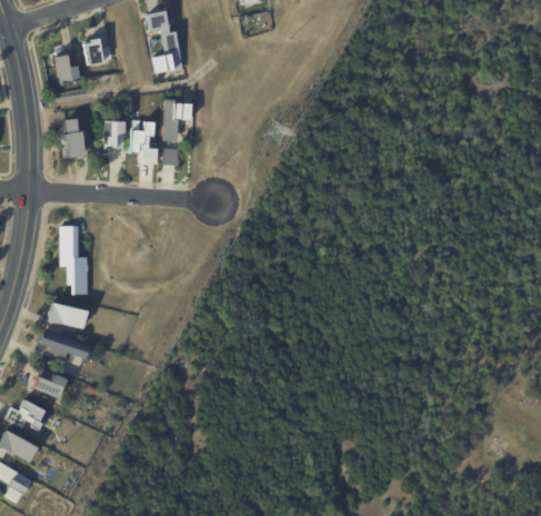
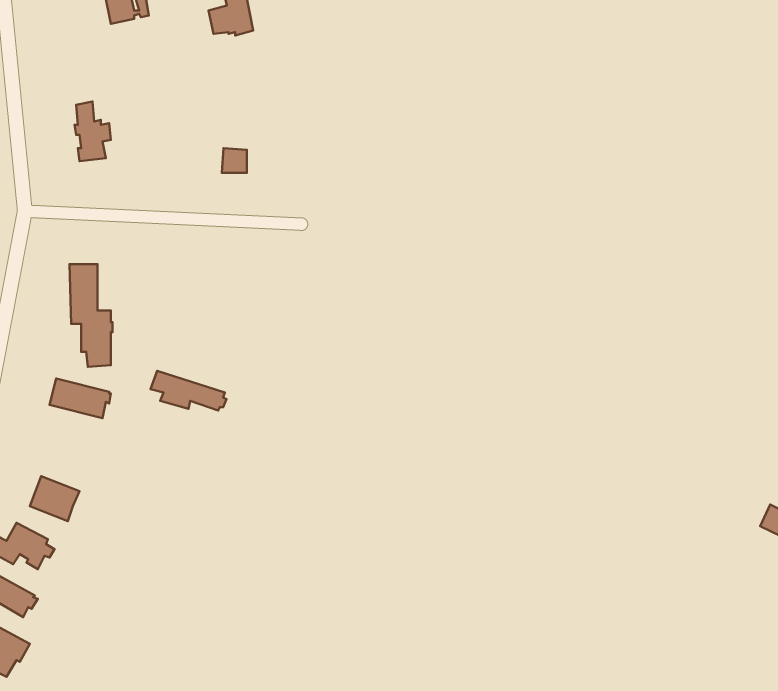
building: [53,57,79,86] -> none
building: [163,99,191,140] -> none
building: [102,119,124,148] -> none
building: [129,120,157,162] -> none
building: [39,331,90,358] -> [150,371,227,411]

